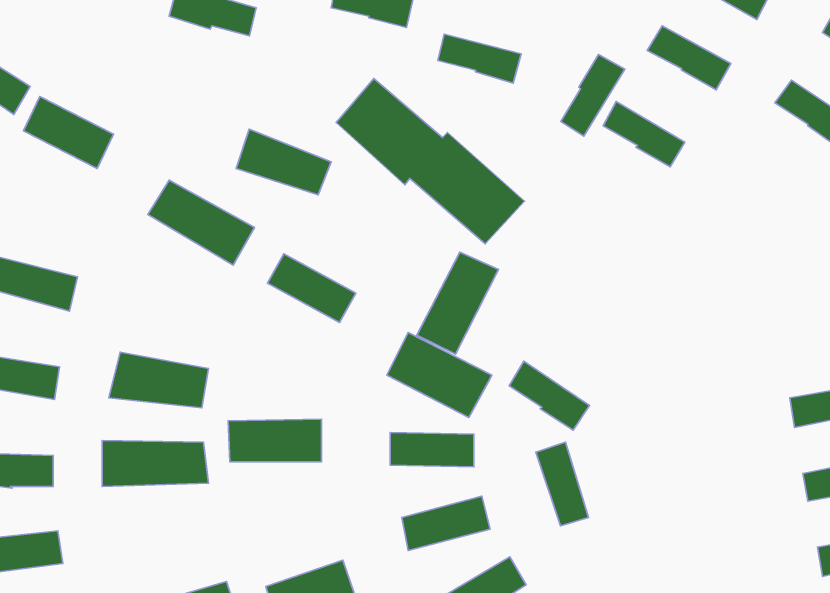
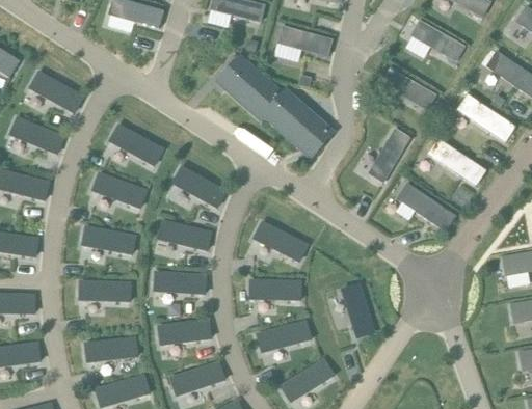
building: [561,54,625,136] -> [369,127,409,179]
building: [236,129,331,195] -> [84,172,144,214]
building: none -> [463,99,515,141]
building: none -> [8,115,65,155]
building: none -> [434,142,486,185]
building: [417,252,498,354] -> none
building: none -> [156,218,212,251]
building: [509,361,589,430] -> [404,187,455,230]
building: none -> [149,318,206,348]
building: none -> [84,335,138,361]

